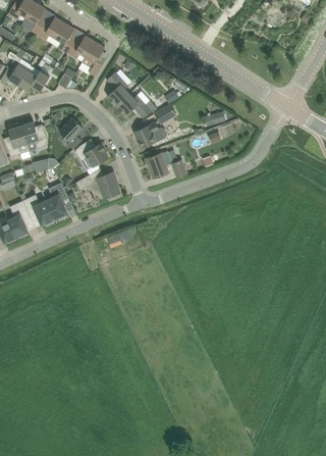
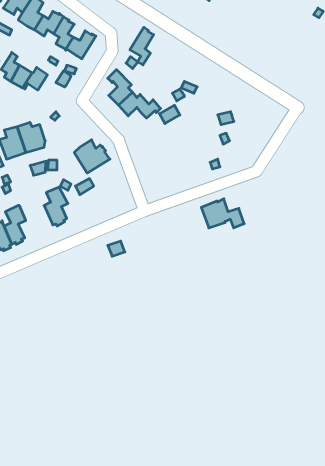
building: [82,40,104,75] -> [130,27,154,65]
building: [59,117,83,148] -> none
building: [134,122,166,147] -> none
building: [146,150,186,178] -> [201,199,244,228]
building: [96,171,119,198] -> none
building: [22,194,54,224] -> none

